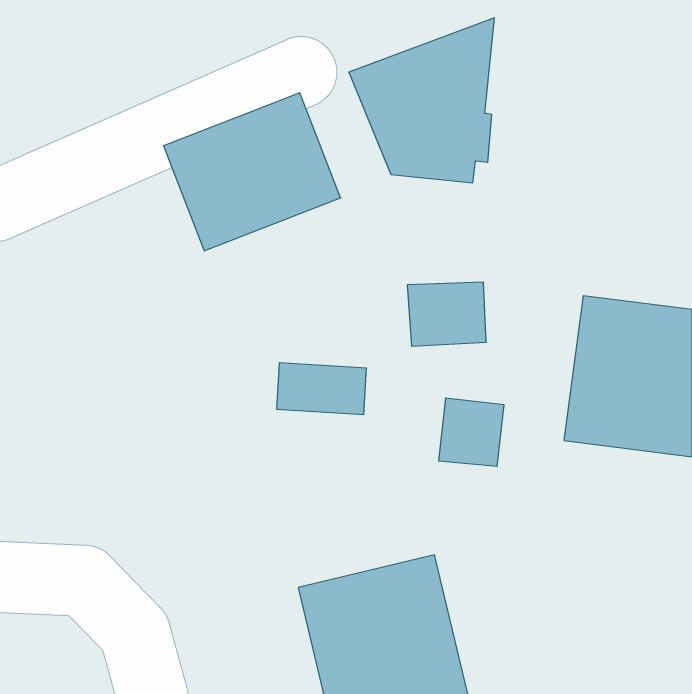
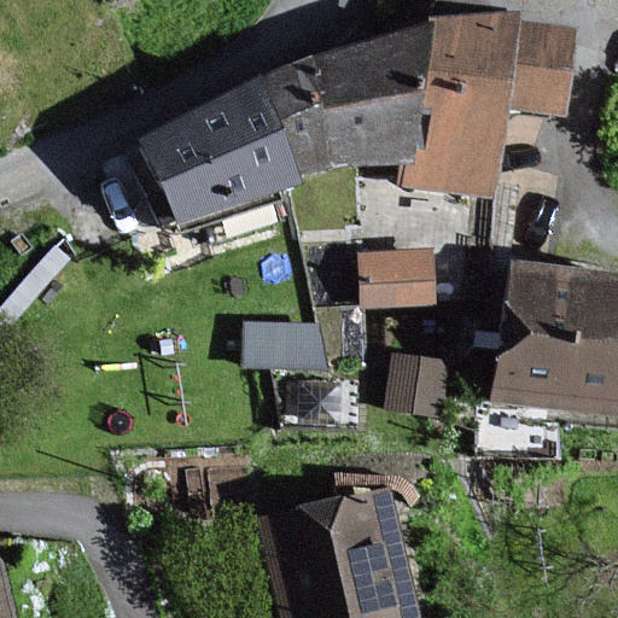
building: none -> [418,7,573,190]
building: none -> [266,66,346,177]

